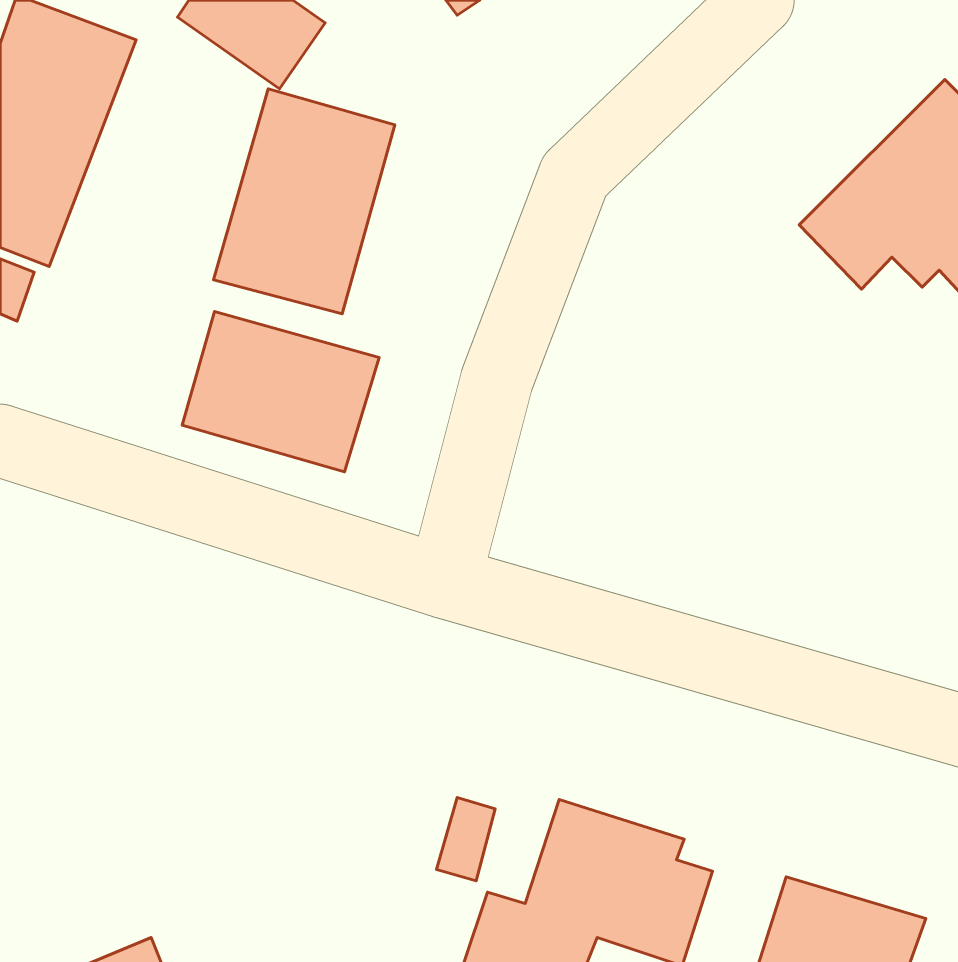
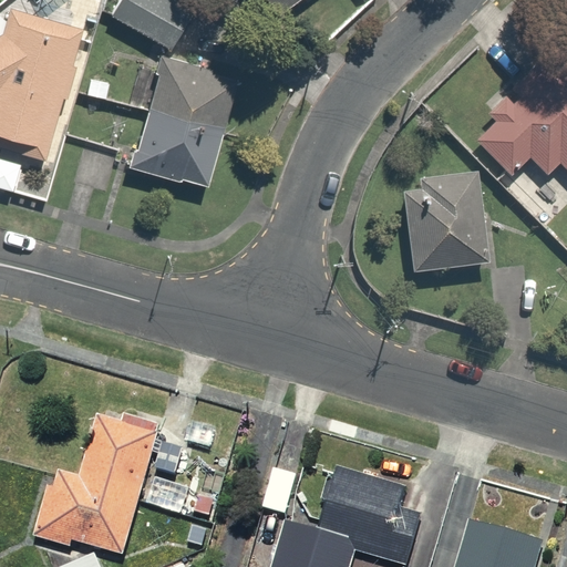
building: none -> [409,174,495,276]
building: [182,311,379,472] -> none
building: none -> [27,406,176,558]

